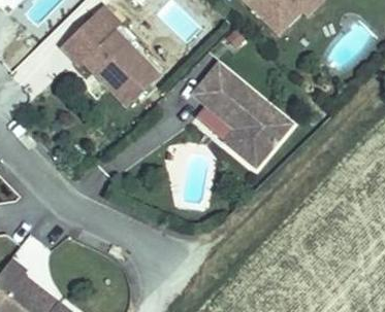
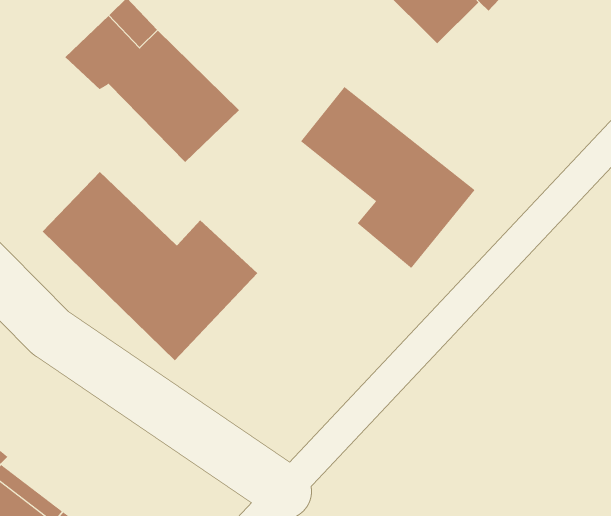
building: none -> [42,171,258,361]

